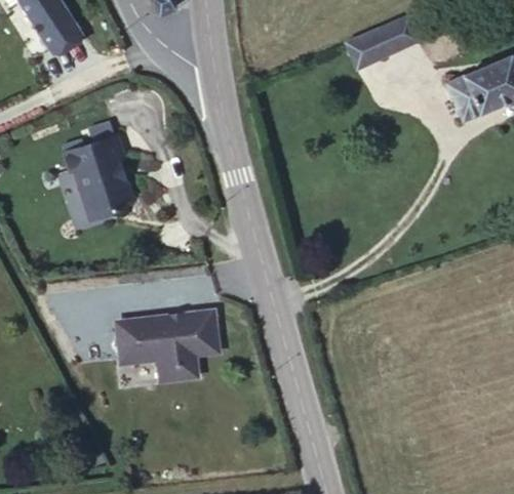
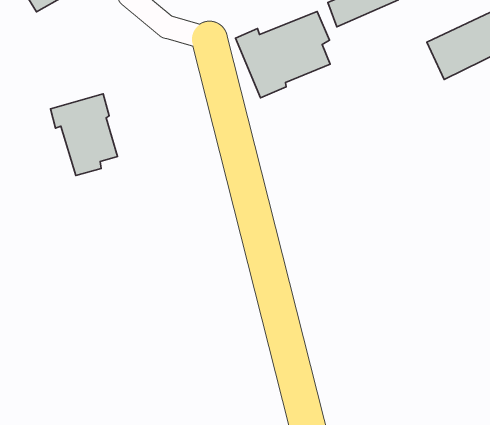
building: none -> [236,11,330,98]
building: [119,314,221,382] -> none

